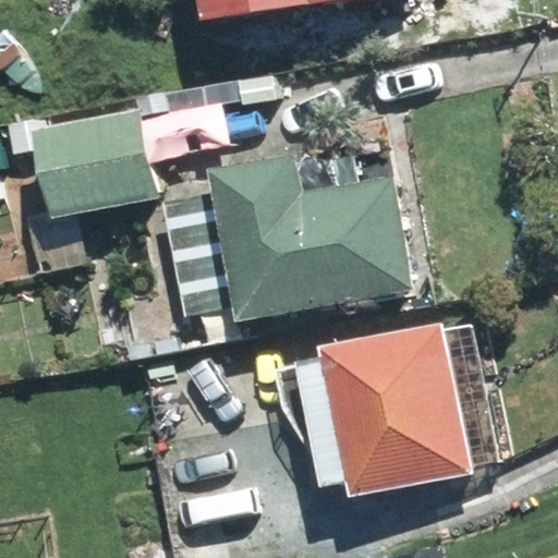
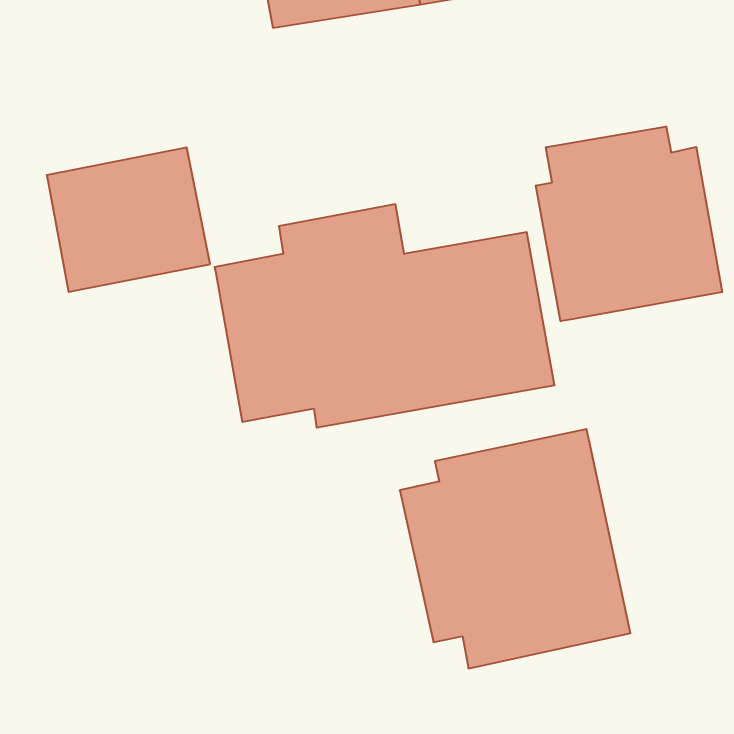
building: none -> [536,126,722,321]

